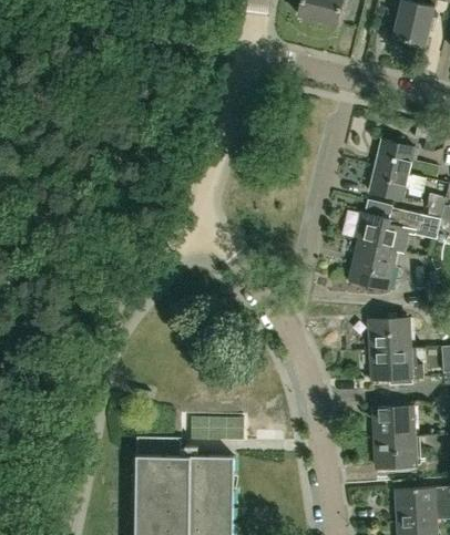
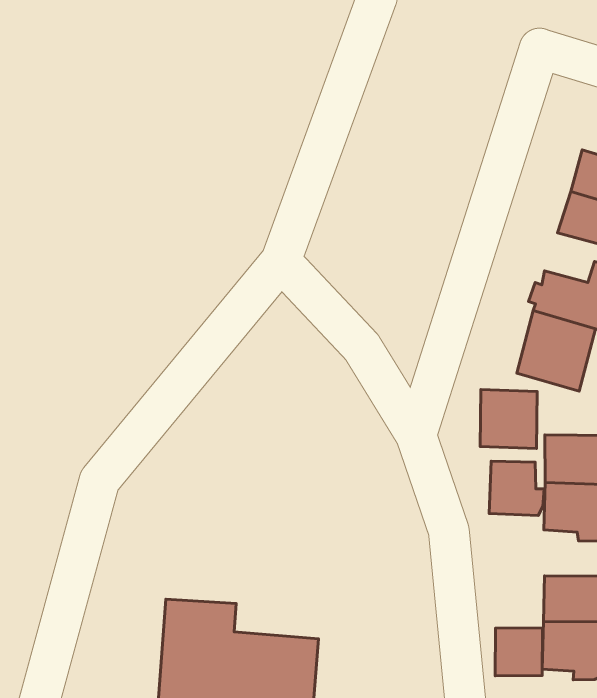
building: none -> [480,390,537,449]
building: none -> [489,461,544,516]
building: none -> [495,628,542,676]

